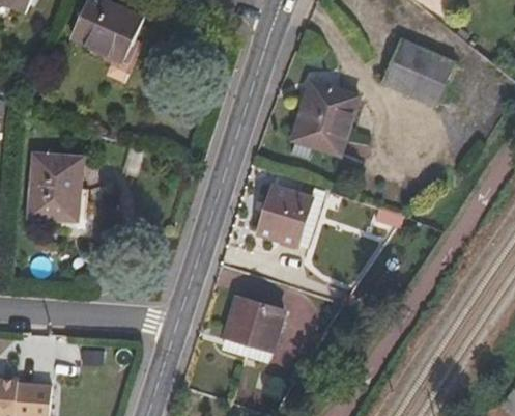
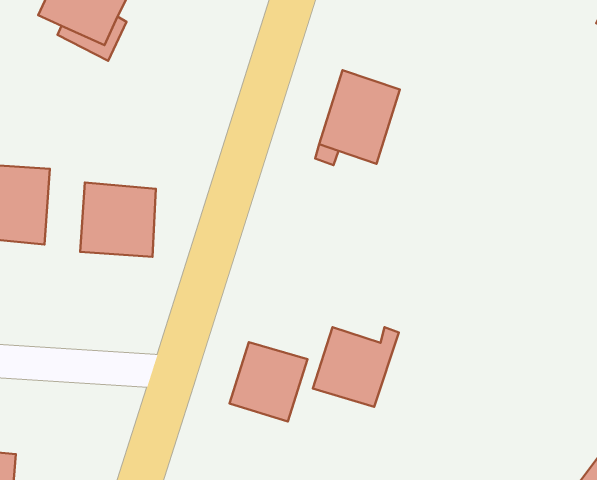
building: [381,38,455,105] -> none
building: none -> [80,182,156,257]
building: [258,185,326,248] -> [313,327,399,407]

